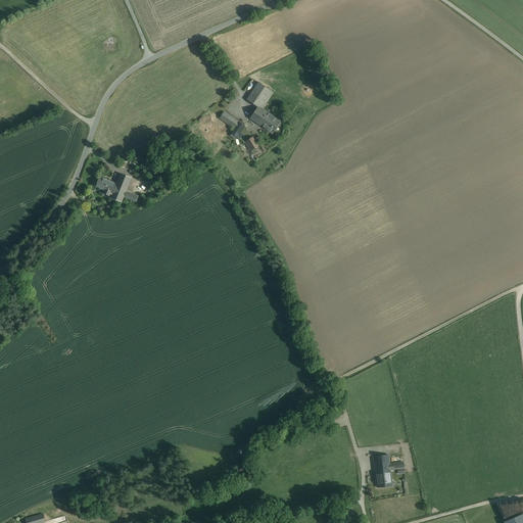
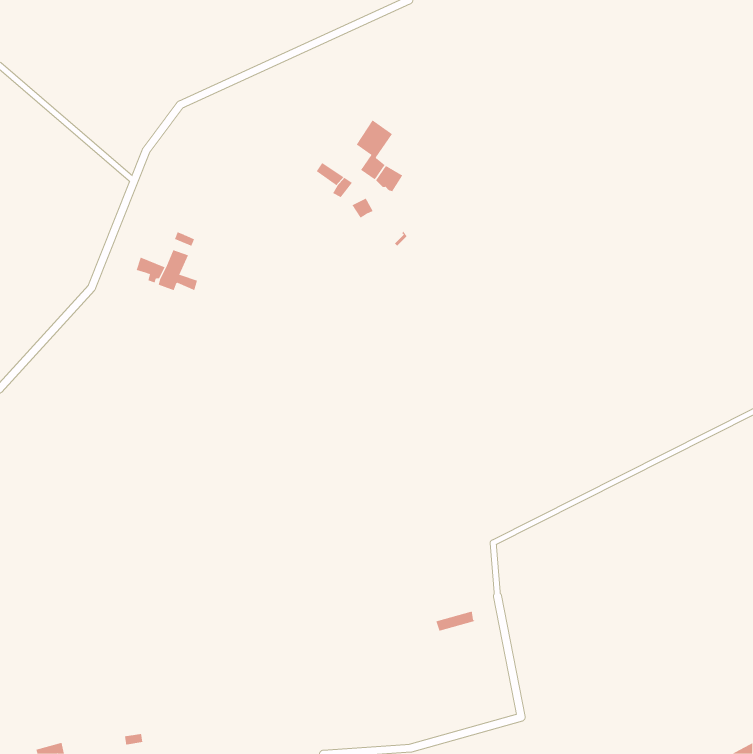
building: [376,453,400,486] -> none

